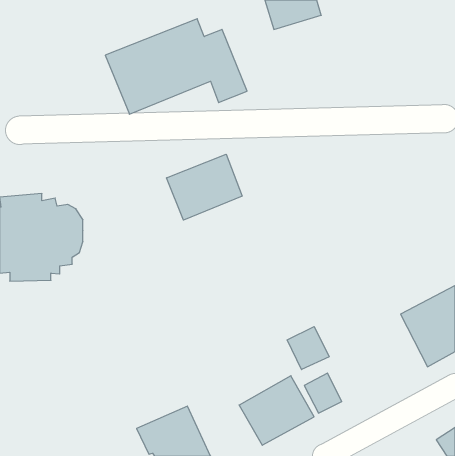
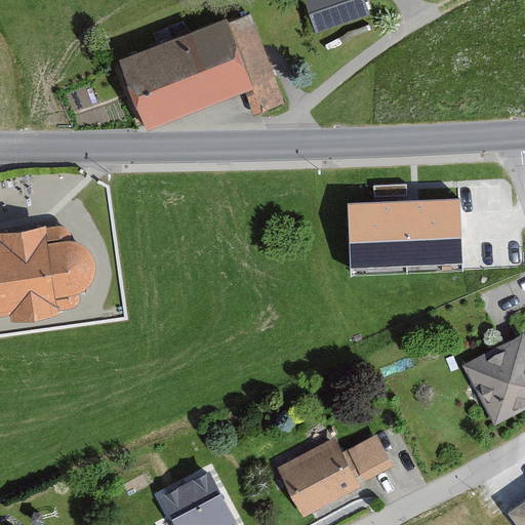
building: [167,154,242,220] -> none
building: none -> [345,199,460,278]
building: [287,327,329,370] -> none

